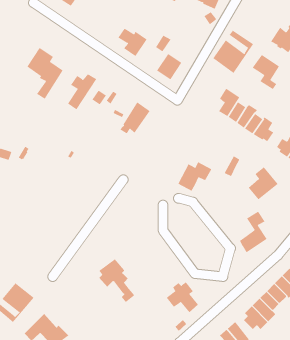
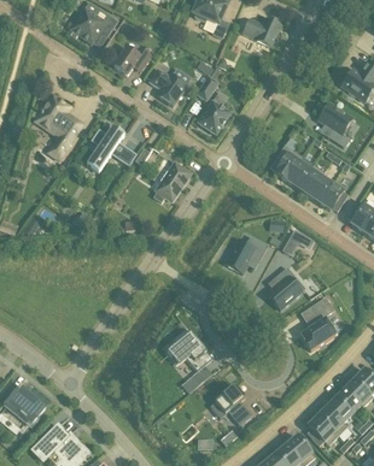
building: none -> [113,47,151,75]
building: [212,30,254,74] -> none
building: [248,166,279,200] -> [267,267,305,309]
building: [99,258,135,303] -> [166,328,212,383]

